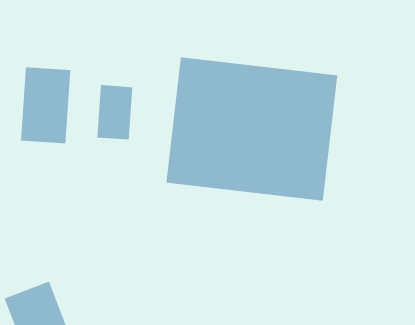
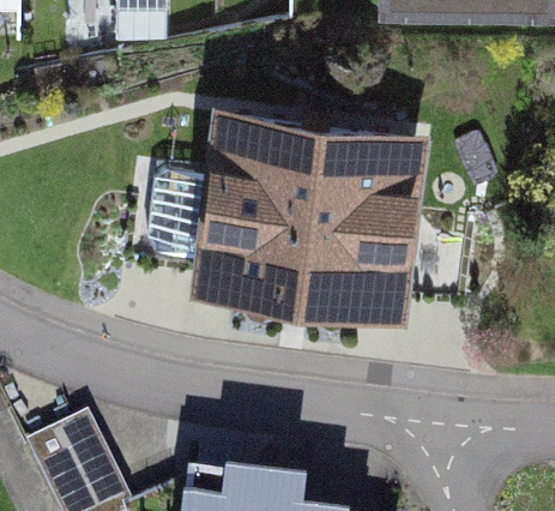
building: [20,66,71,144] -> none

